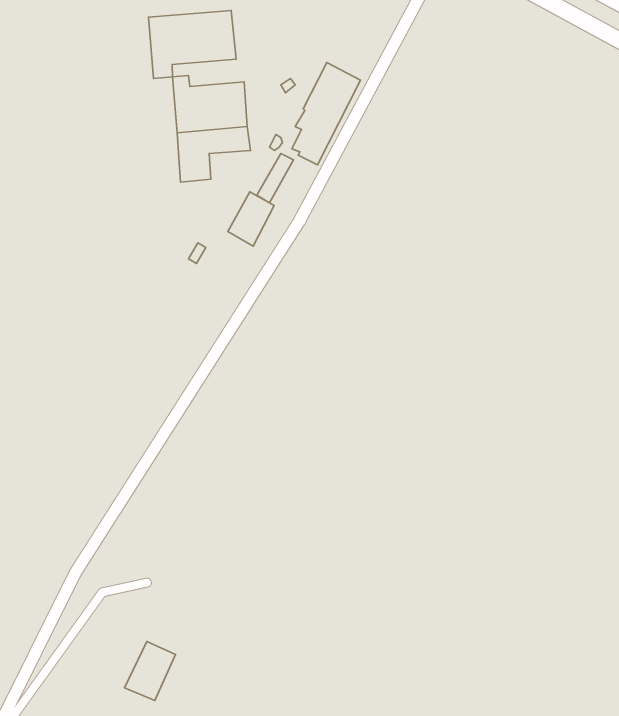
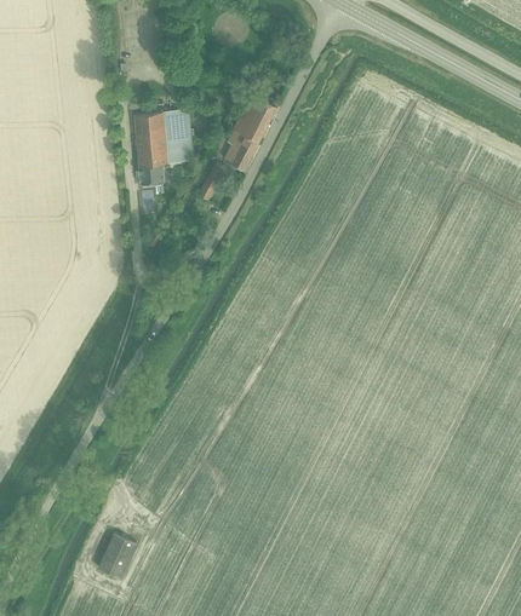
building: [148,11,236,78] -> none
building: [228,192,274,246] -> none

